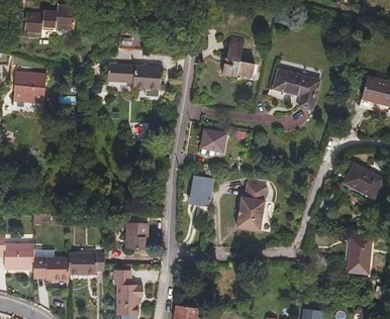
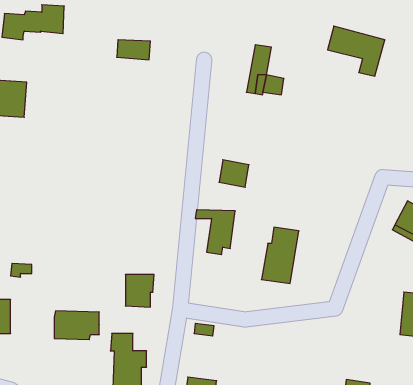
building: [107,62,161,89] -> none
building: [273,69,319,109] -> [328,26,385,76]
building: [32,247,68,280] -> none

